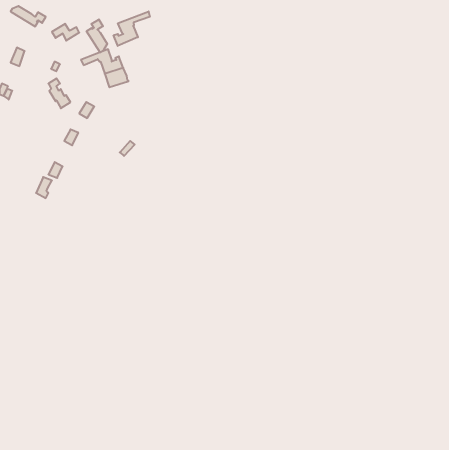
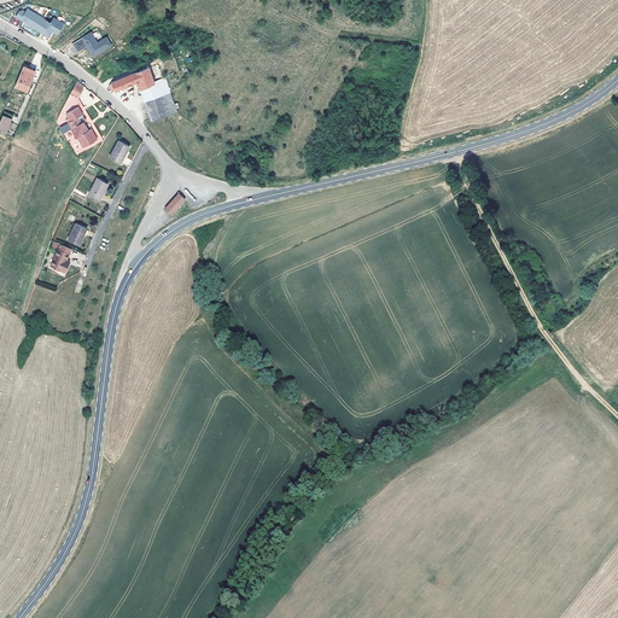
building: [114,11,150,46] -> none
building: [87,19,107,52] -> none

